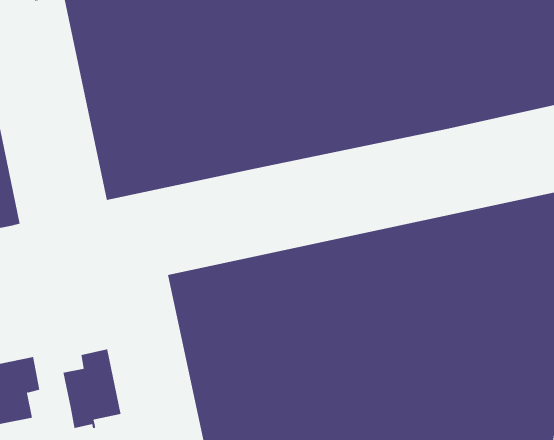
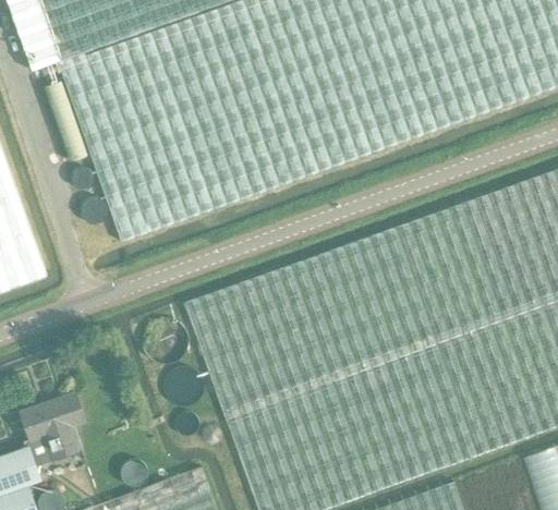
building: [63,348,121,429] -> none

